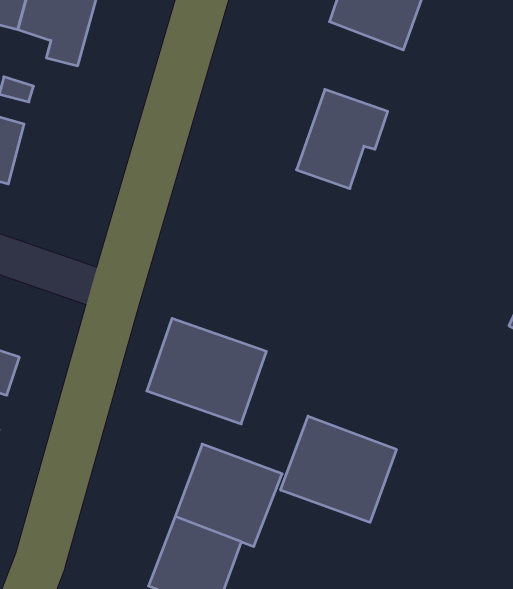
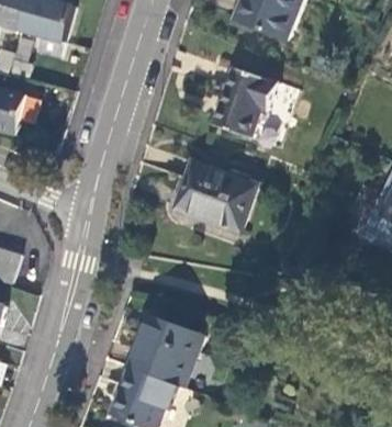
building: [147,318,266,424] -> [173,160,257,234]
building: [281,416,396,522] -> none

